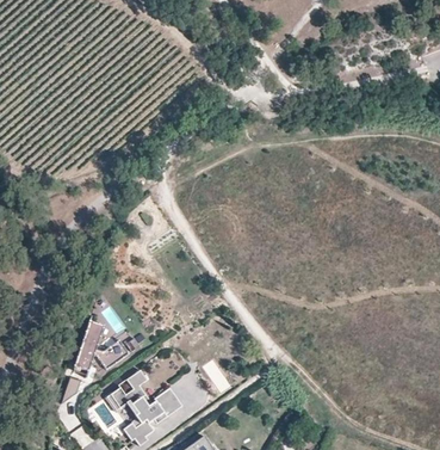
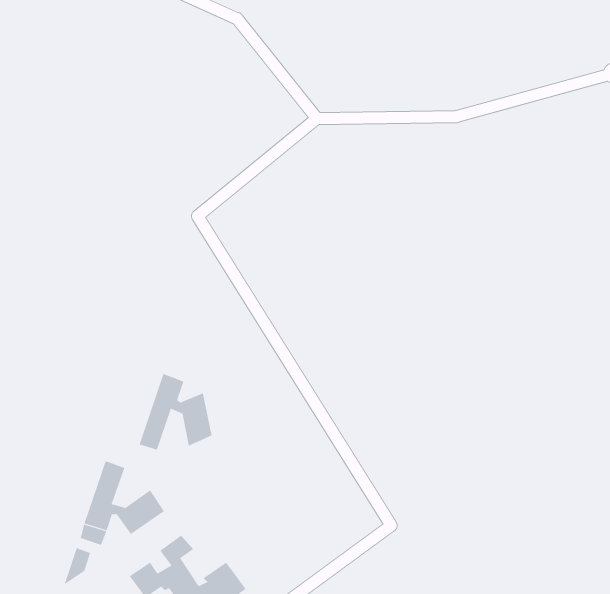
building: none -> [139,373,212,451]

